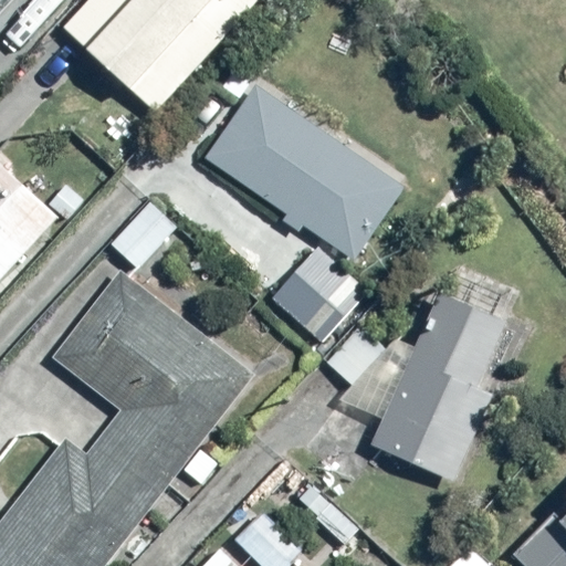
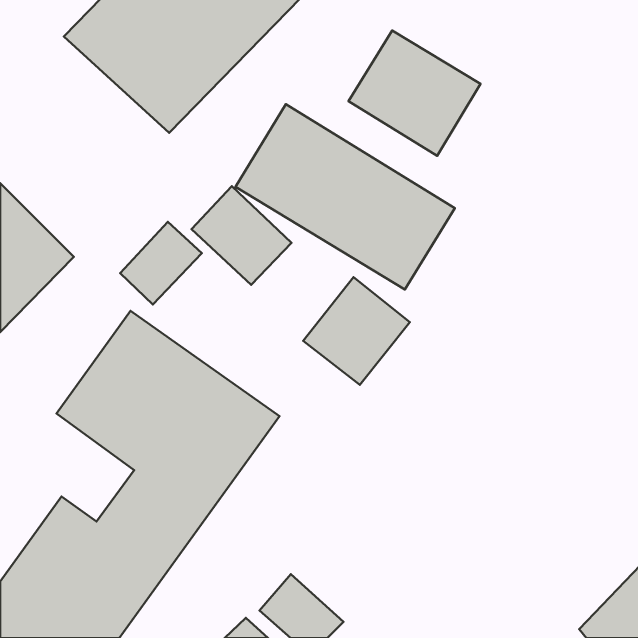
building: none -> [348,31,480,156]
building: none -> [192,186,292,285]
building: [333,292,518,480] -> none

